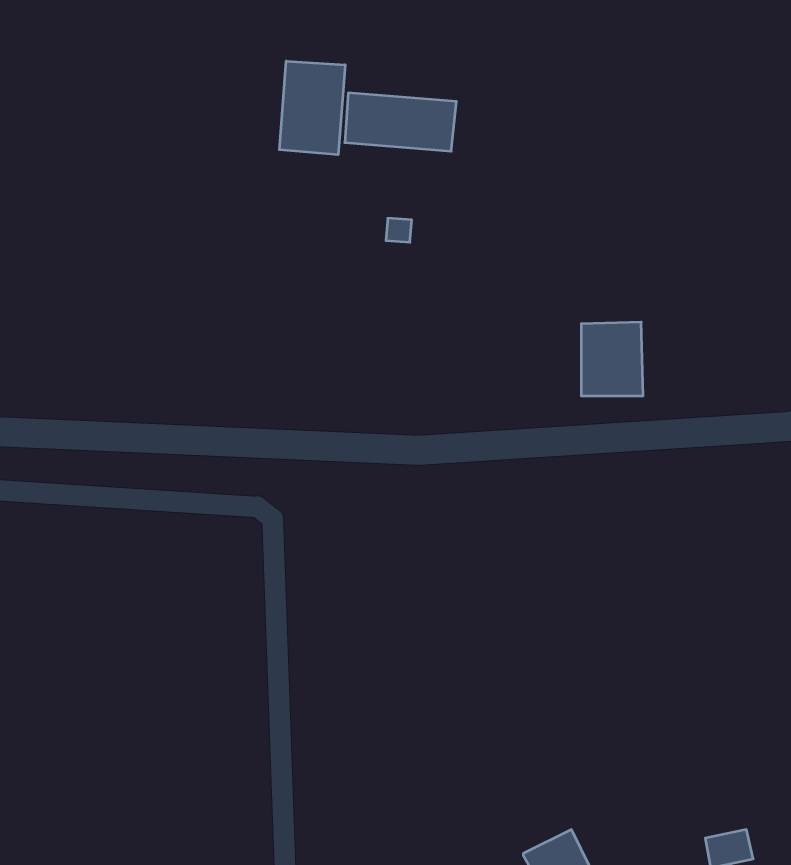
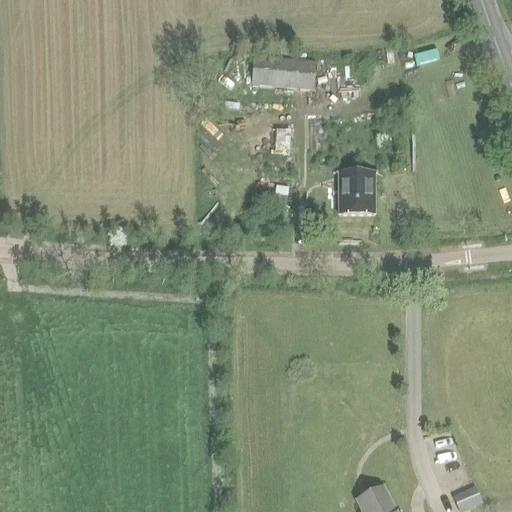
building: [279,61,345,155] -> none
building: [581,322,643,396] -> [339,170,375,213]

